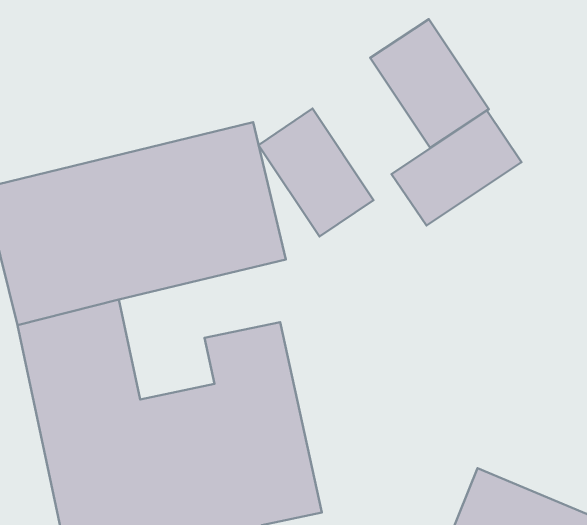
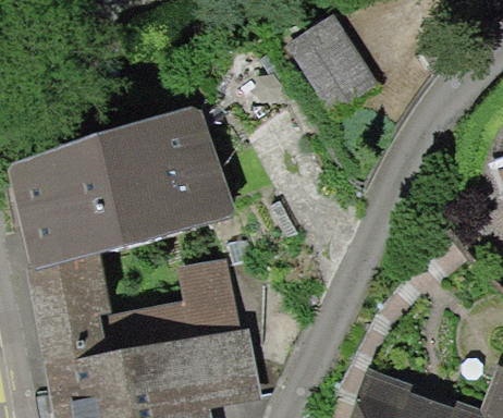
building: [259,109,373,236] -> none
building: [392,111,522,226] -> none

